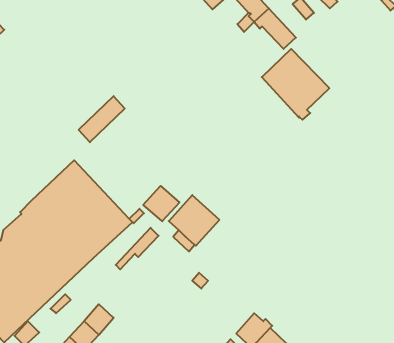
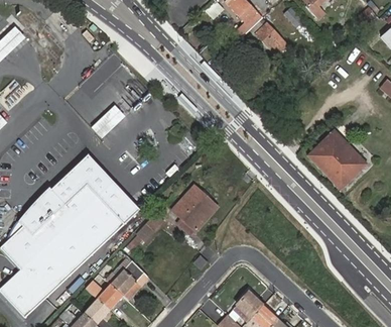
building: [262,49,329,120] -> [306,129,367,193]
building: [143,186,179,221] -> none
building: none -> [110,254,148,299]

